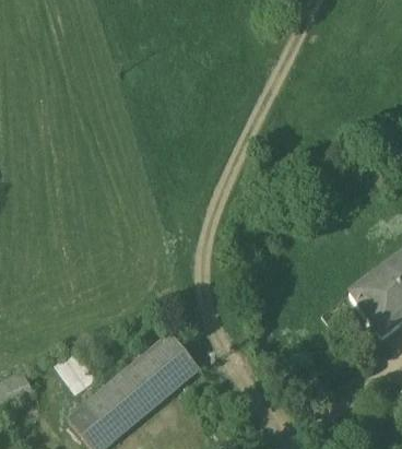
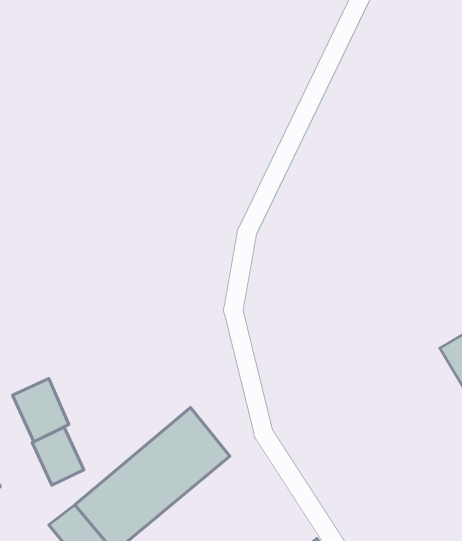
building: none -> [12,379,69,442]

